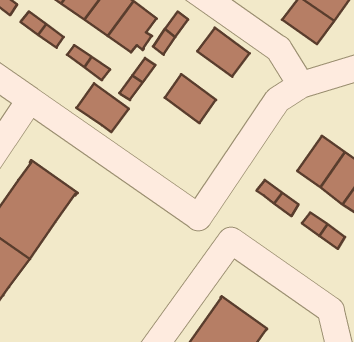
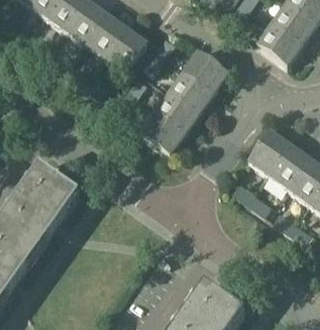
building: none -> [169,70,213,112]
building: [76,83,129,132] -> [139,110,185,152]
building: none -> [248,128,291,174]

